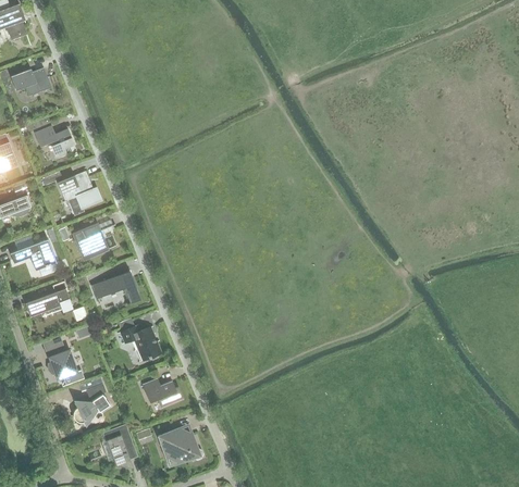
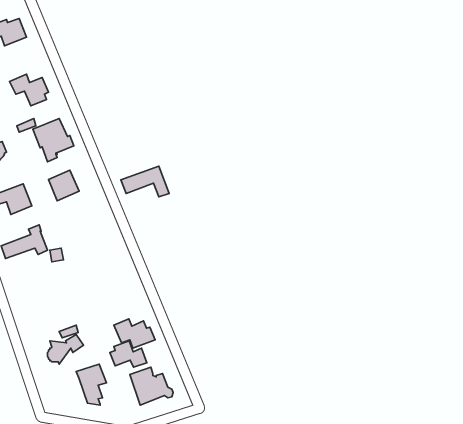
building: [90,271,140,302] -> [121,166,169,197]
building: [118,325,160,362] -> none
building: [48,344,84,383] -> none
building: none -> [110,341,147,367]

